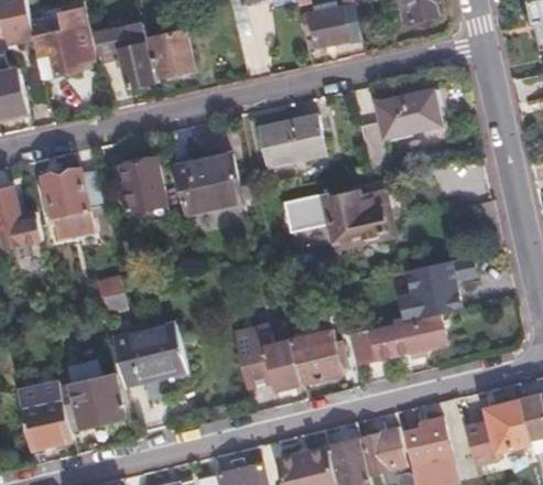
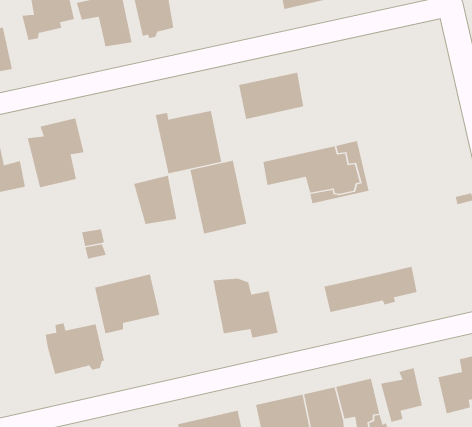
building: [360,86,447,169] -> none
building: [119,152,164,204] -> [133,175,177,225]
building: none -> [189,160,247,235]
building: [399,256,476,323] -> none
building: [292,332,347,385] -> none
building: [21,396,73,456] -> none

